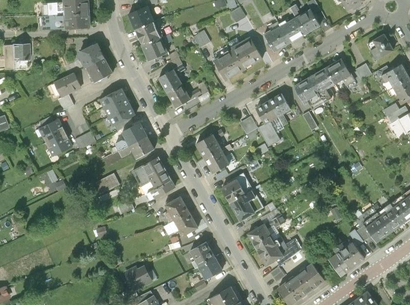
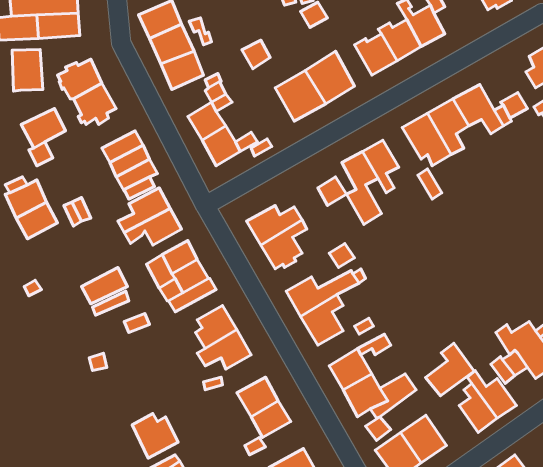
building: none -> [12,49,43,91]
building: none -> [425,343,474,396]

